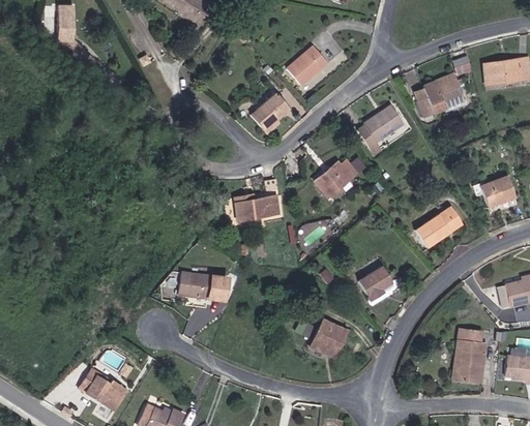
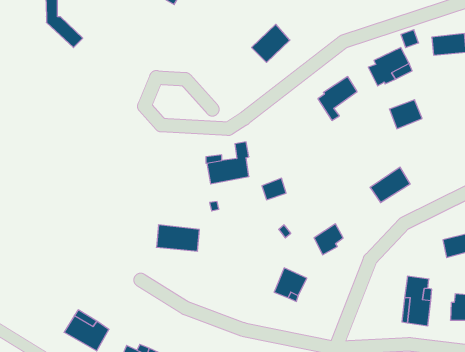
building: [249,92,289,131] -> none
building: [314,158,357,197] -> none
building: [481,174,518,206] -> [389,100,422,129]

